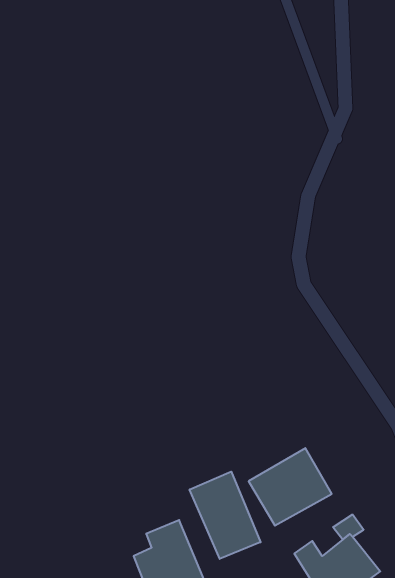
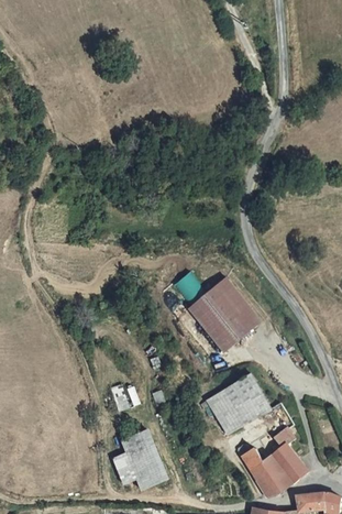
building: none -> [186,277,260,352]
building: [190,472,261,559] -> none

